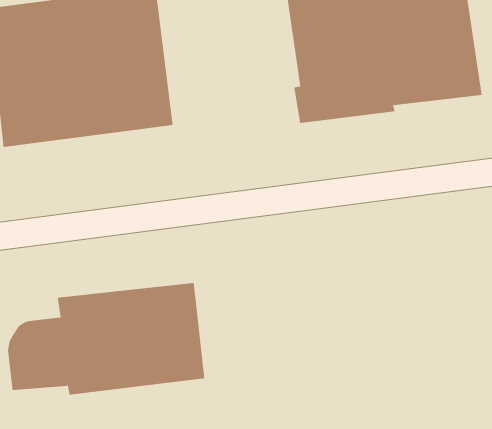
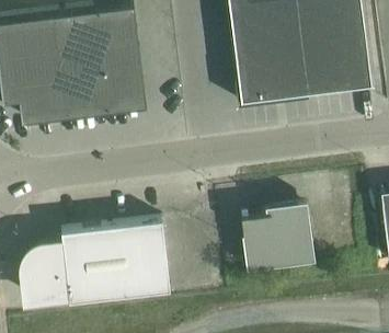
building: none -> [240,198,314,267]

